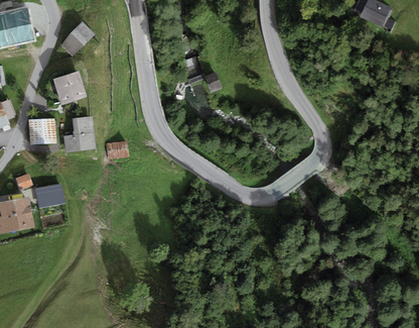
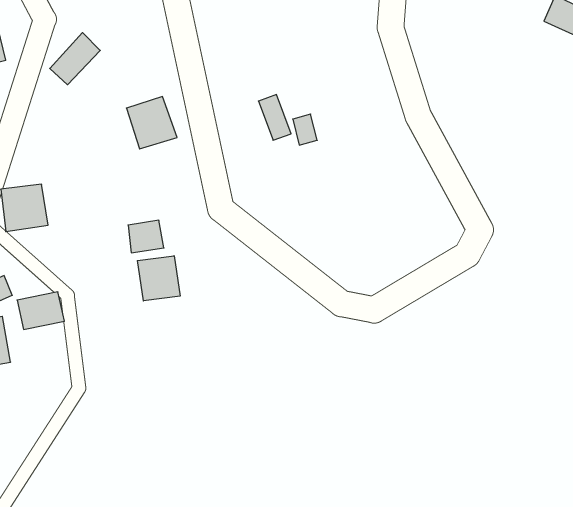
building: [50,72,82,104] -> [126,97,177,149]
building: [59,116,92,150] -> none
building: none -> [137,256,180,301]

